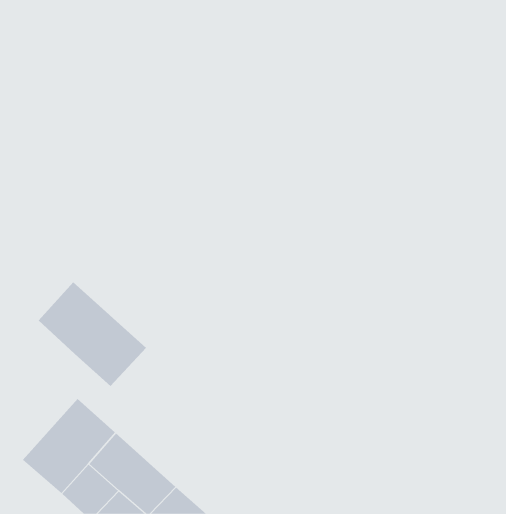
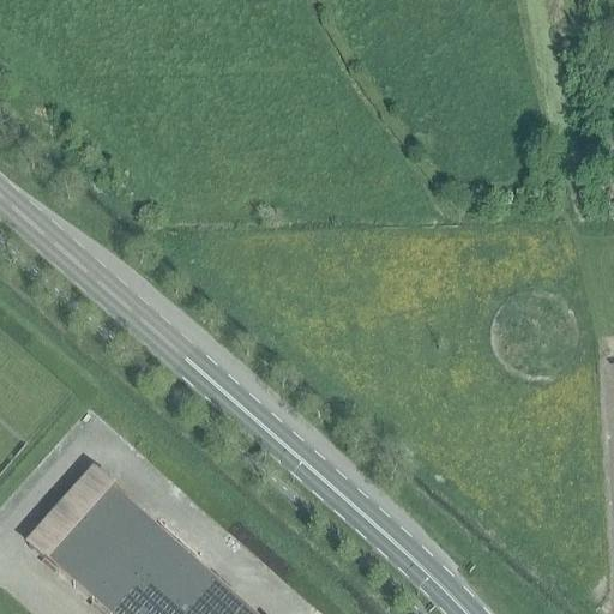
building: [38,282,147,387] -> none

